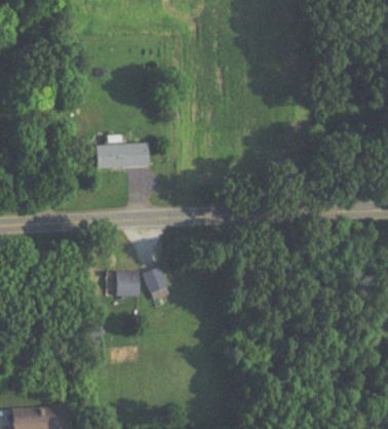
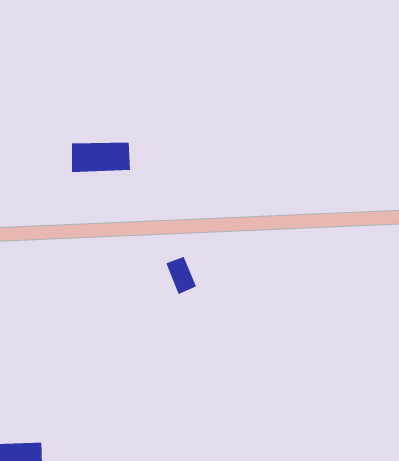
building: [142,267,169,301] -> [165,256,197,295]
building: [112,270,138,297] -> none

